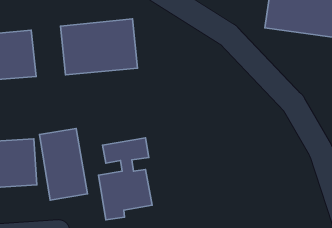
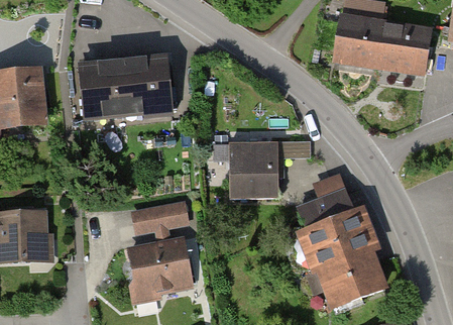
building: none -> [229,139,310,201]
building: none -> [295,176,388,306]
building: [40,128,87,200] -> none

